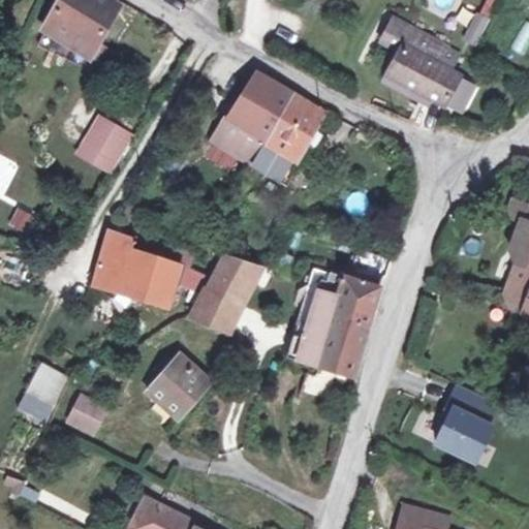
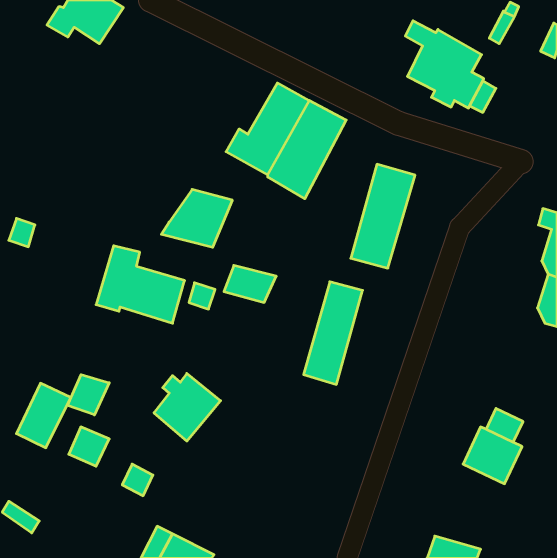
building: [76,119,125,170] -> none
building: [318,275,379,373] -> [351,164,415,268]
building: [183,276,250,331] -> [161,189,232,247]
building: none -> [68,375,109,415]

